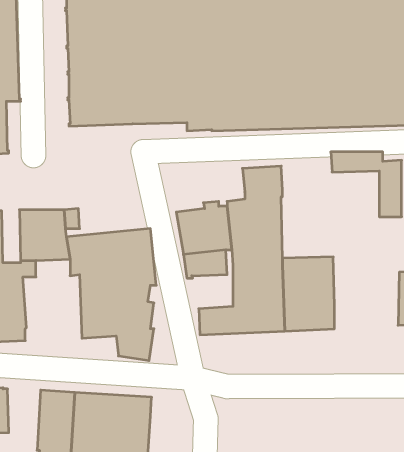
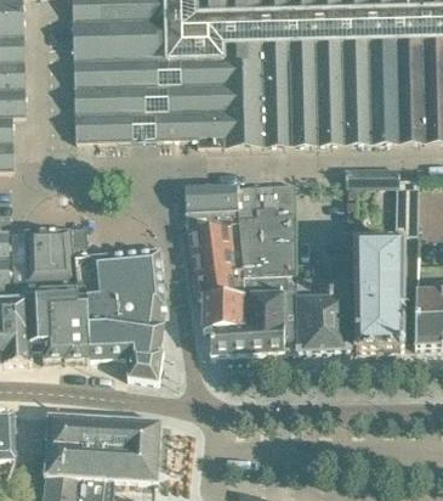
building: none -> [184,184,257,230]
building: none -> [353,241,405,350]
building: none -> [201,269,245,331]
building: none -> [29,278,90,361]

